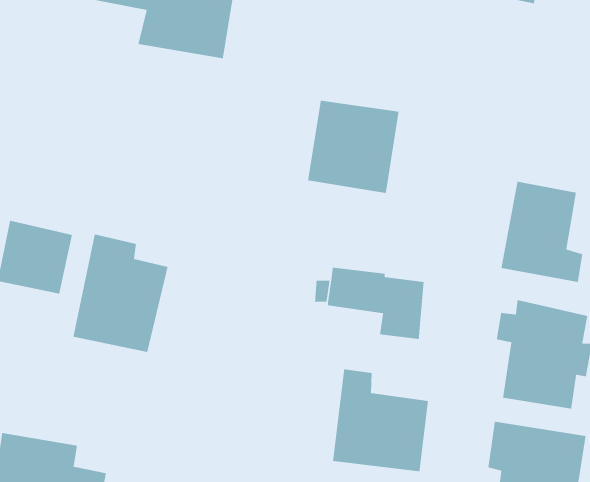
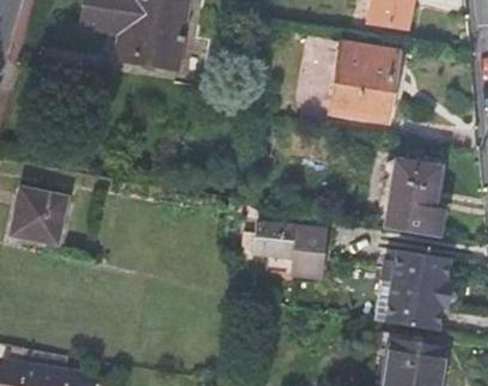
building: [307,100,400,194] -> [330,47,398,116]
building: [72,233,168,353] -> none
building: [332,368,429,472] -> none

